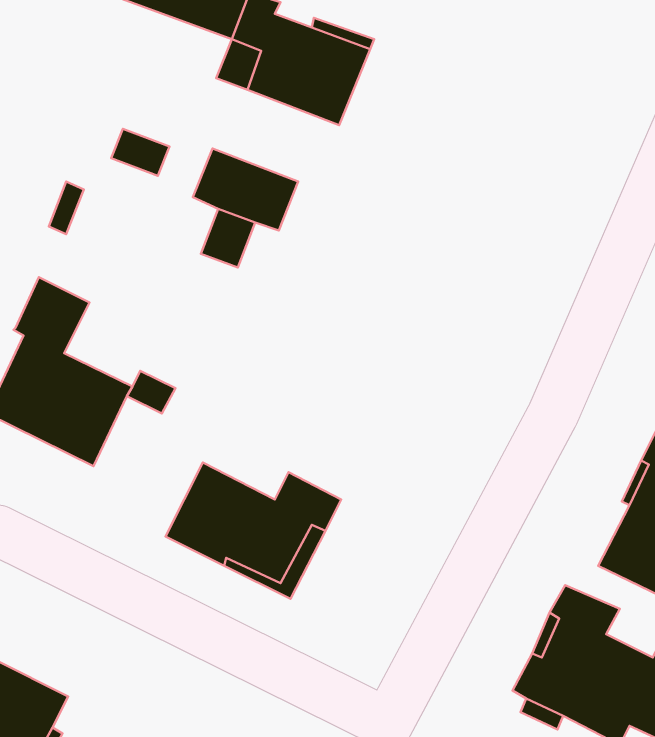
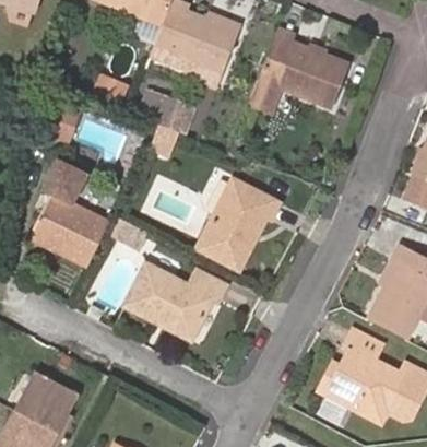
building: none -> [252,26,353,111]
building: none -> [193,181,277,274]

